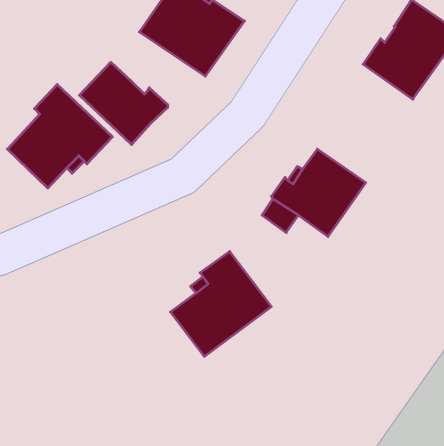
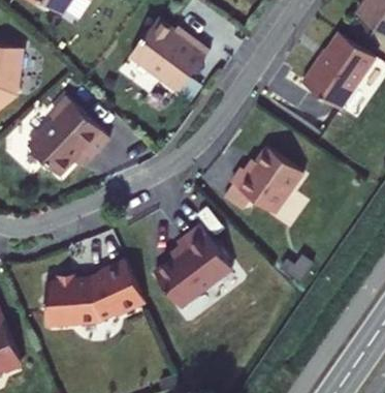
building: [79,62,168,145] -> none
building: none -> [43,256,143,323]

